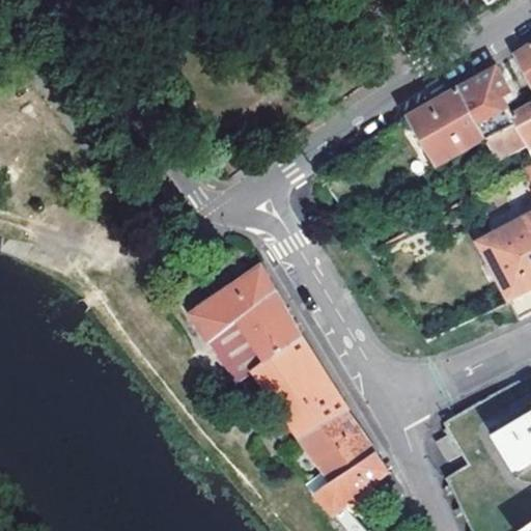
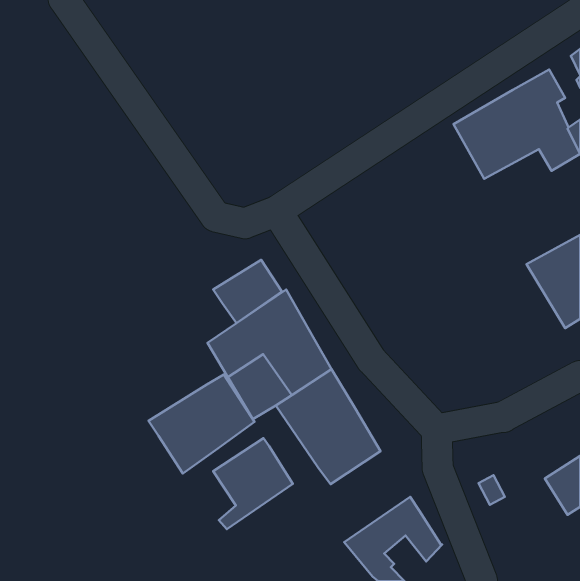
building: none -> [213,260,282,323]
building: none -> [148,375,255,473]
building: [301,411,373,494] -> [213,438,293,529]

